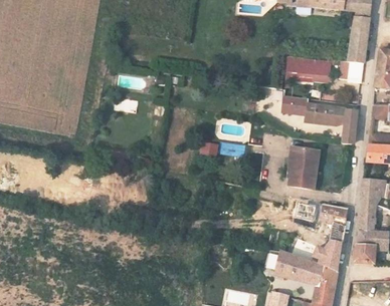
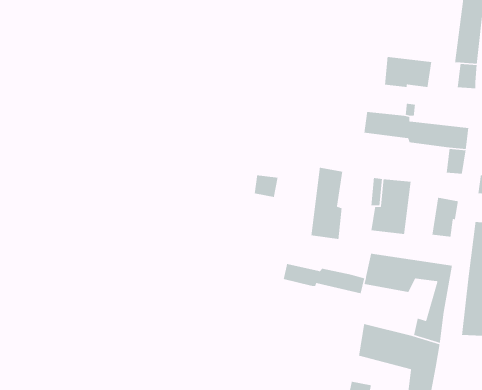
building: none -> [310,167,343,240]
building: none -> [431,197,459,237]
building: none -> [283,263,365,294]

